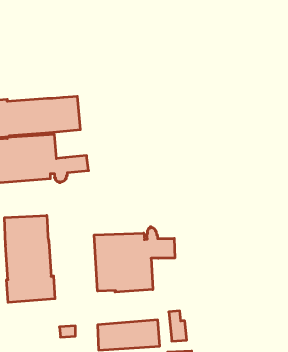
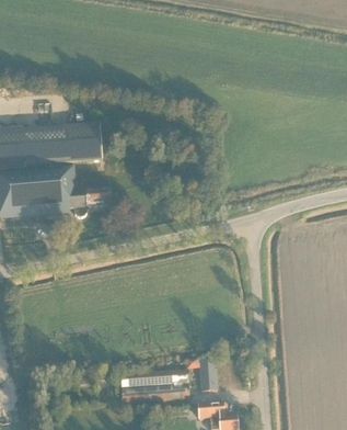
building: [5,215,55,302] -> none
building: [94,227,175,292] -> none

